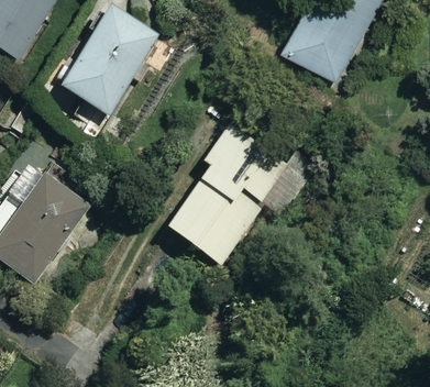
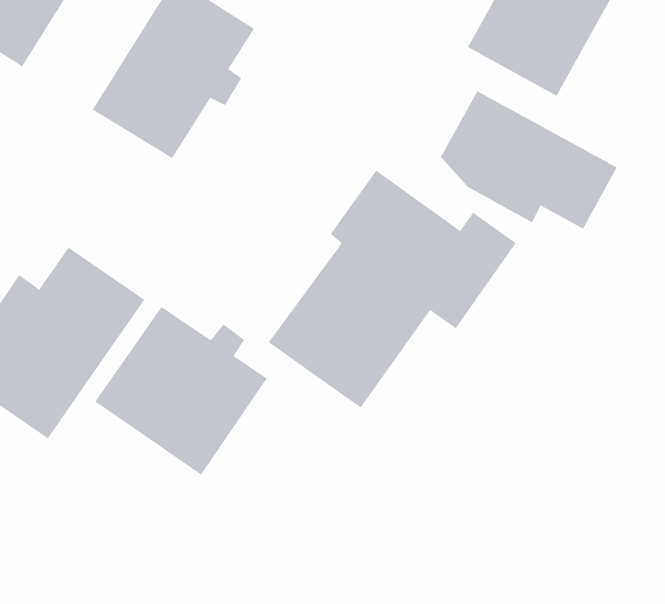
building: none -> [440,90,617,229]
building: none -> [95,306,268,475]

